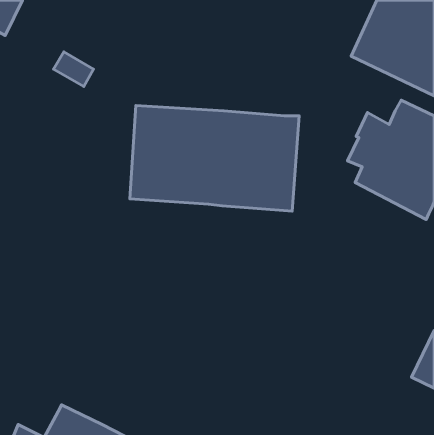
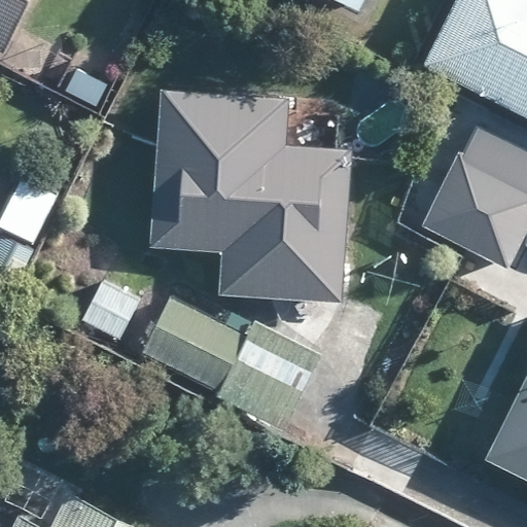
building: none -> [143,297,325,430]

